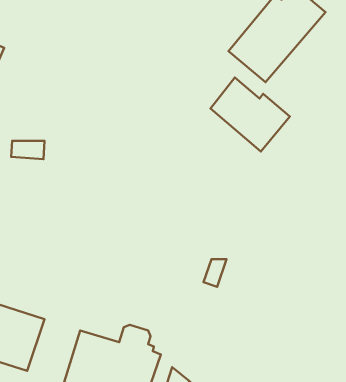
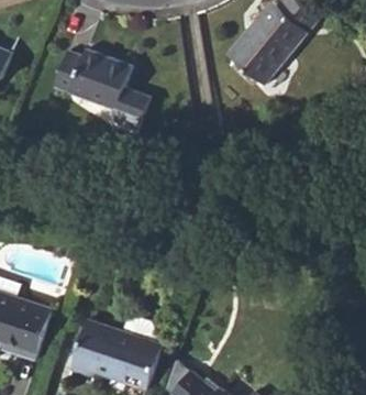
building: none -> [52,47,151,127]
building: [210,77,290,152] -> none

